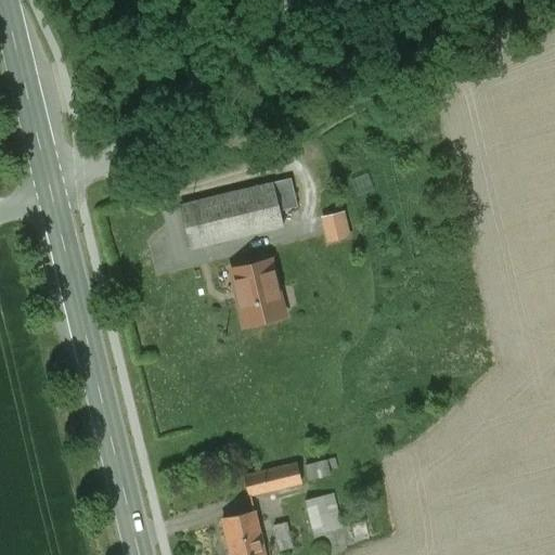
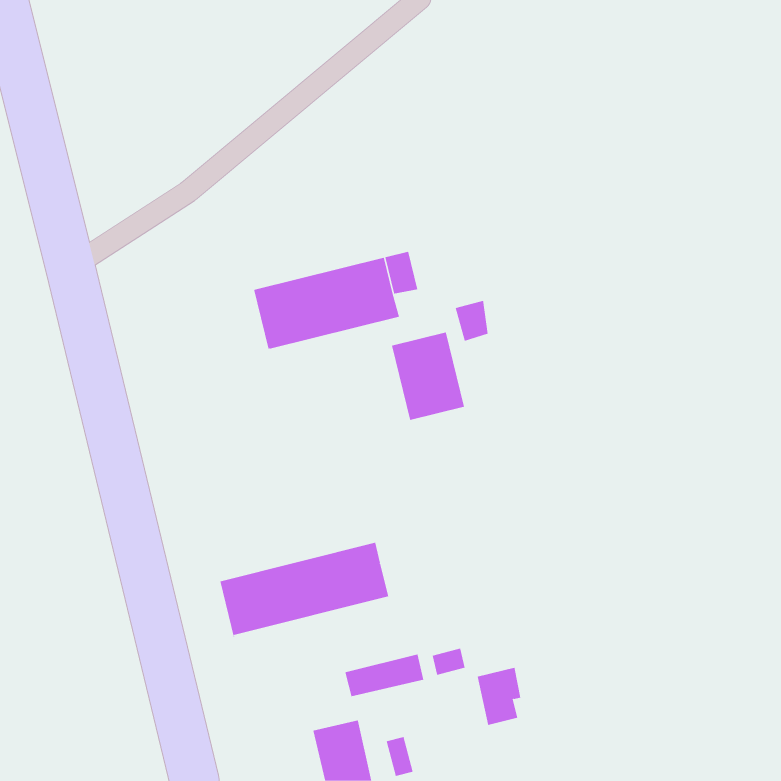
building: [232,260,284,323] -> [391,332,465,420]
building: none -> [220,542,389,638]
building: [306,492,337,533] -> [477,667,521,725]

